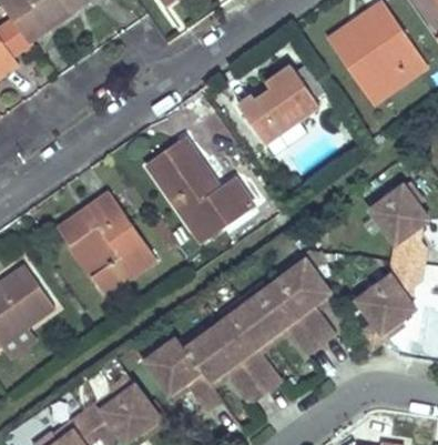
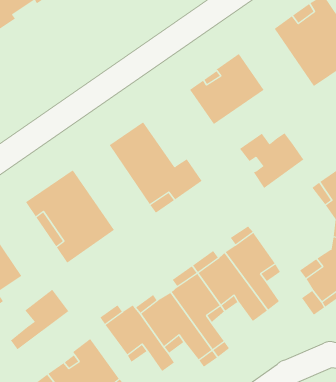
building: none -> [239,133,304,189]
building: none -> [10,289,69,350]

